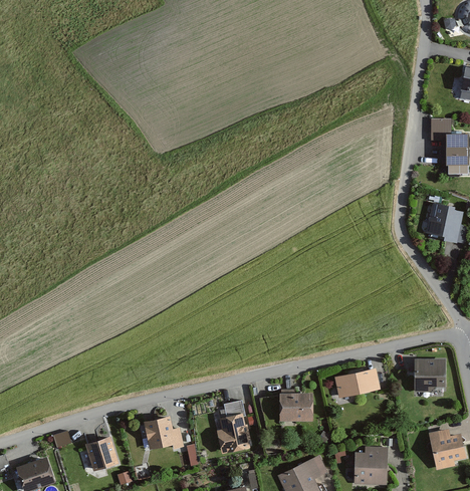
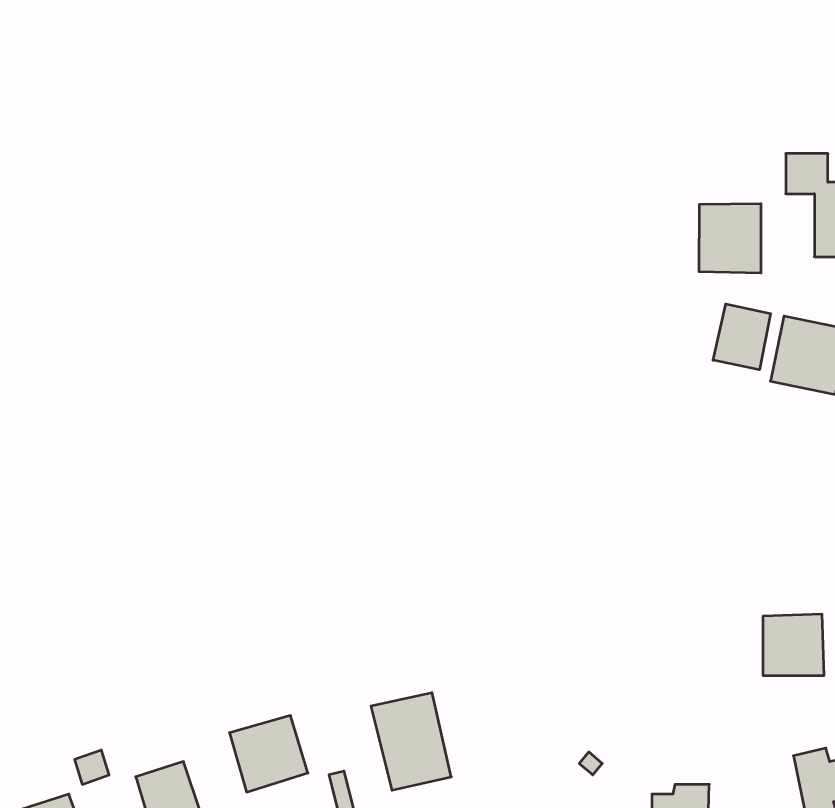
building: none -> [699,204,761,273]
building: none -> [713,304,771,370]
building: [335,369,381,398] -> none
building: [279,393,313,422] -> none

